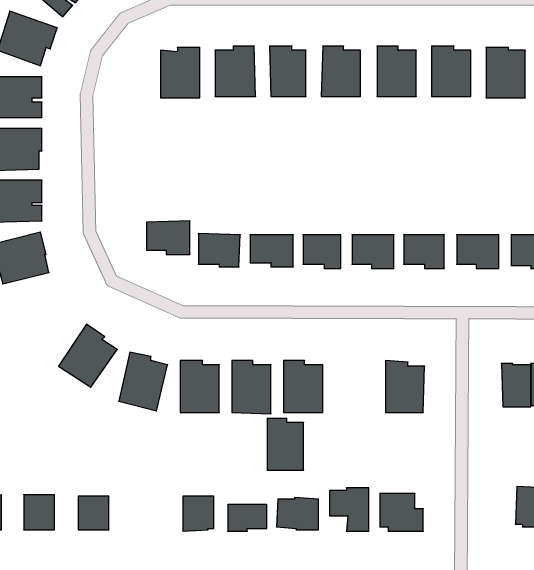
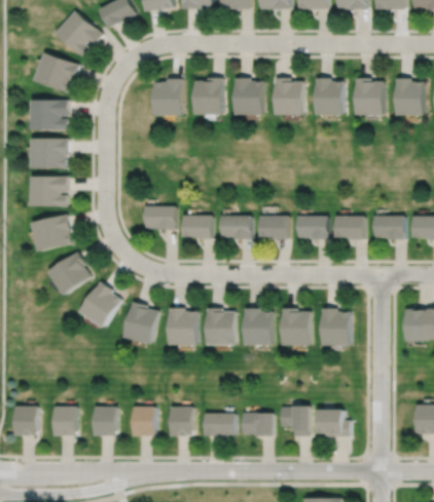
building: none -> [47,253,92,297]
building: [267,418,304,470] -> [283,309,310,347]
building: none -> [134,409,157,433]

